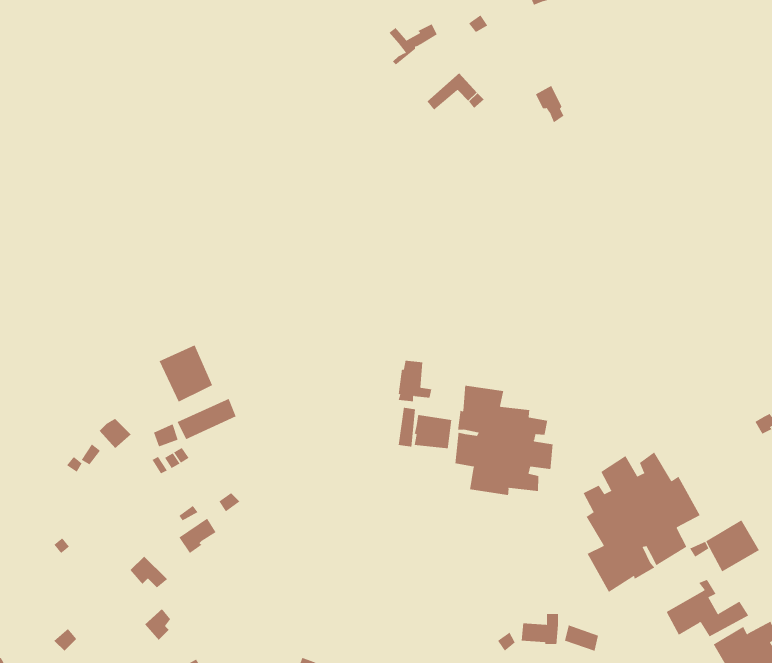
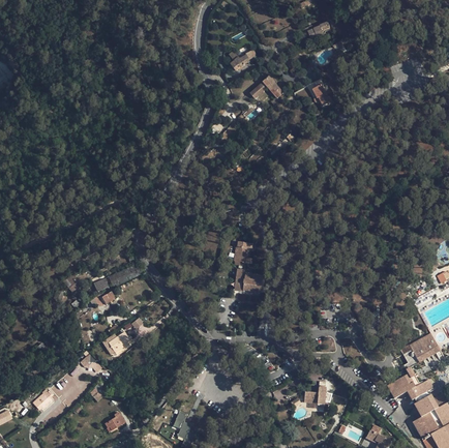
building: [159,345,213,403] -> none
building: [455,385,553,496] -> none
building: [583,451,700,593] -> none

